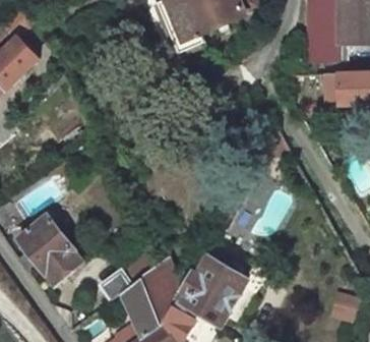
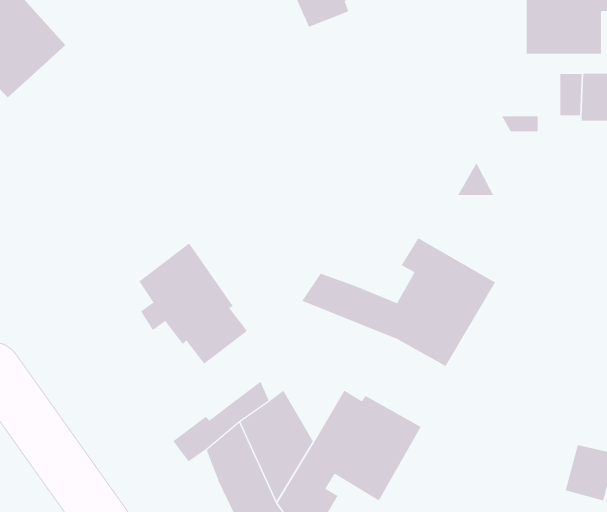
building: none -> [301,237,496,367]
building: [18,215,81,285] -> [138,242,248,364]

